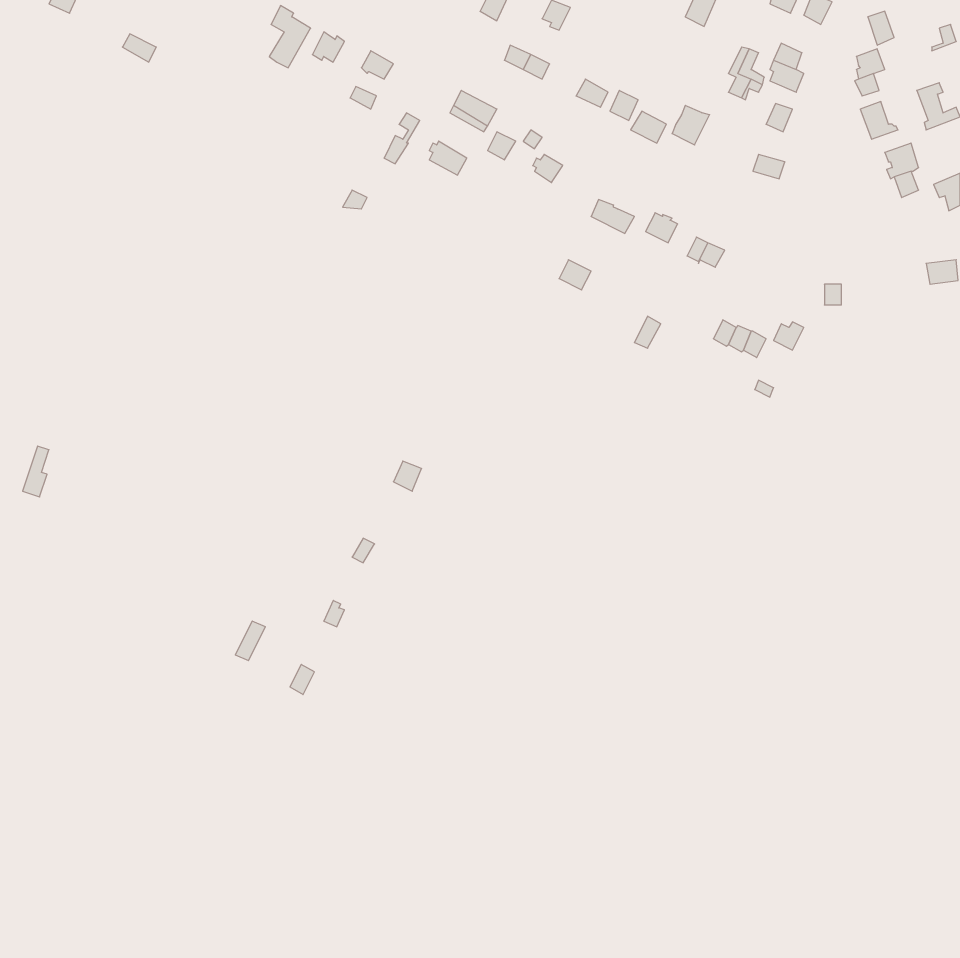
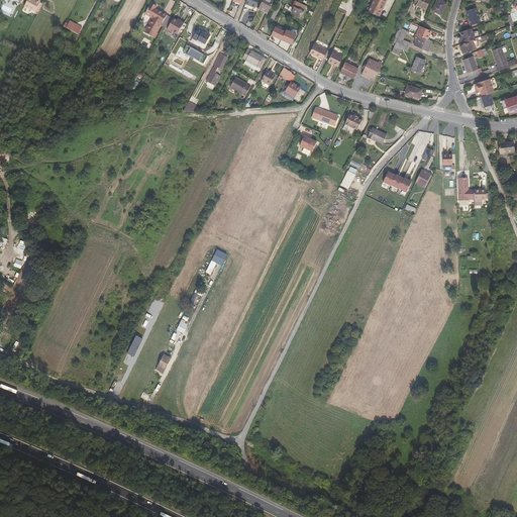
building: none -> [457,177,487,199]

